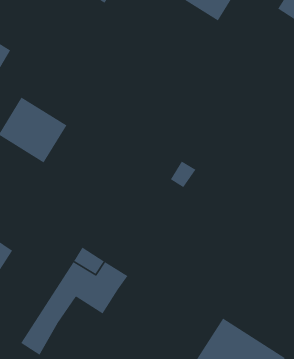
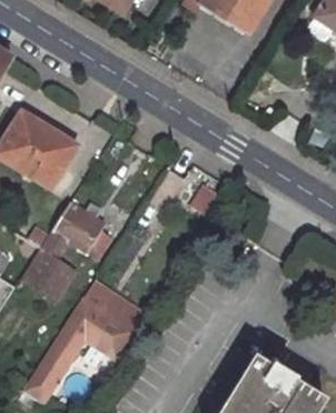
building: none -> [22,201,111,296]

